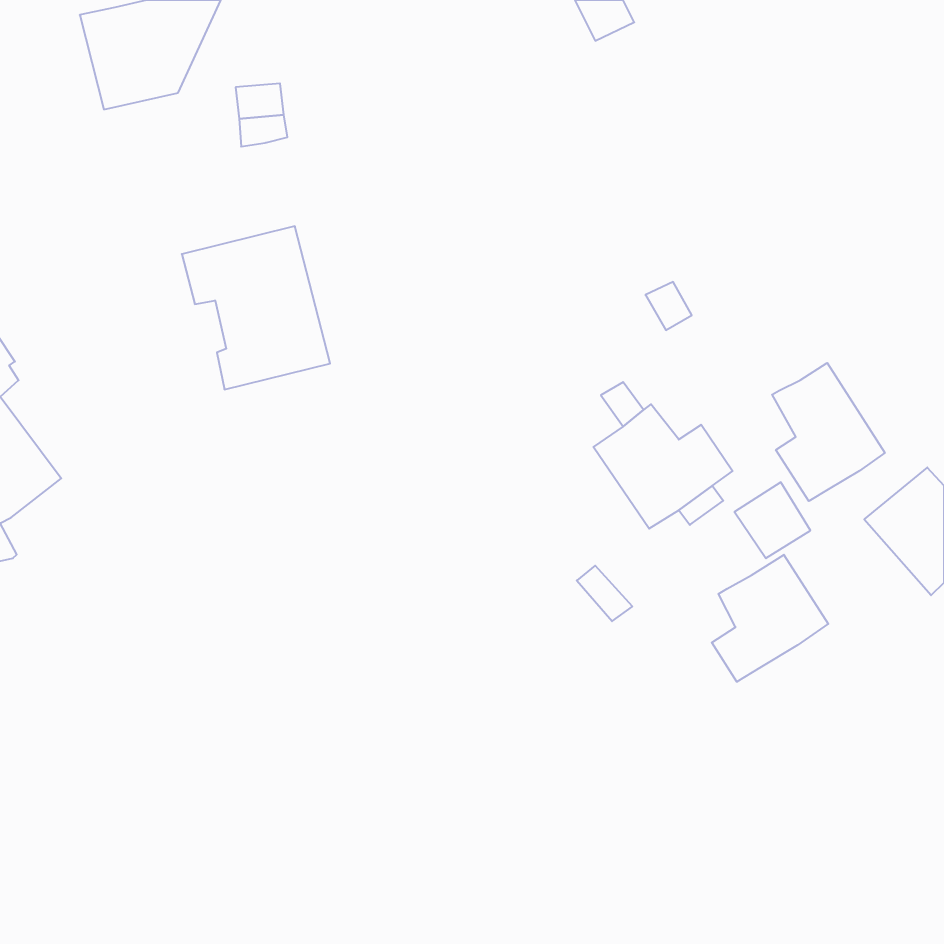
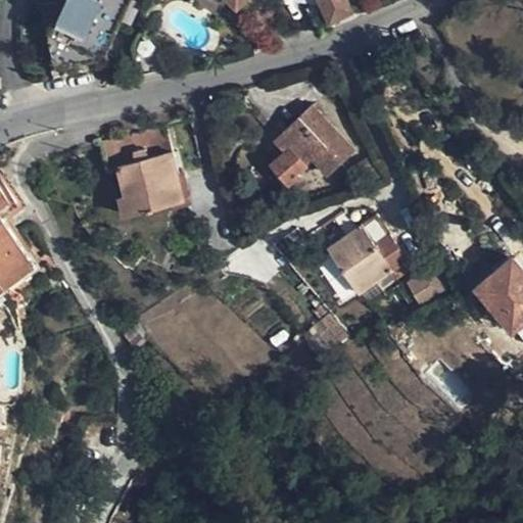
building: none -> [270,106,351,185]
building: [772,363,885,501] -> none
building: [712,555,828,682] -> none

